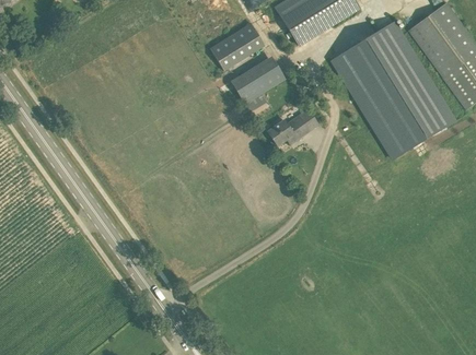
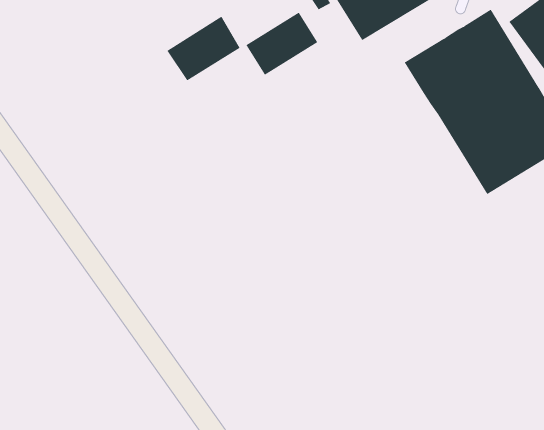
building: [230,56,286,105] -> [166,16,241,81]
building: [267,110,316,145] -> none

